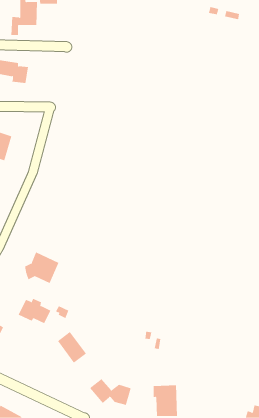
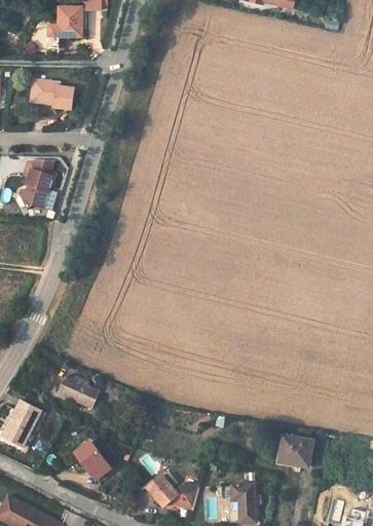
building: [24,252,59,284] -> none
building: [57,331,87,363] -> [74,441,111,481]
building: none -> [279,436,313,467]

